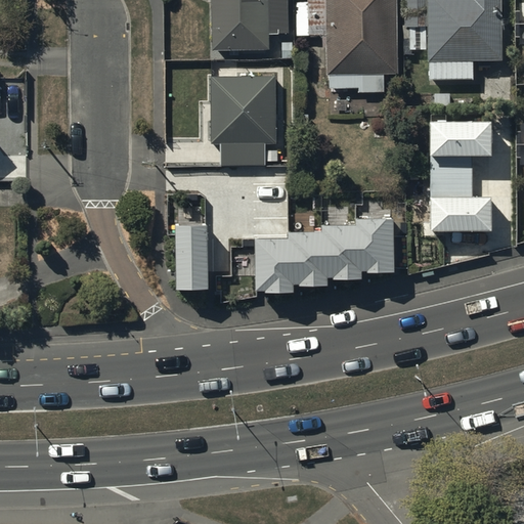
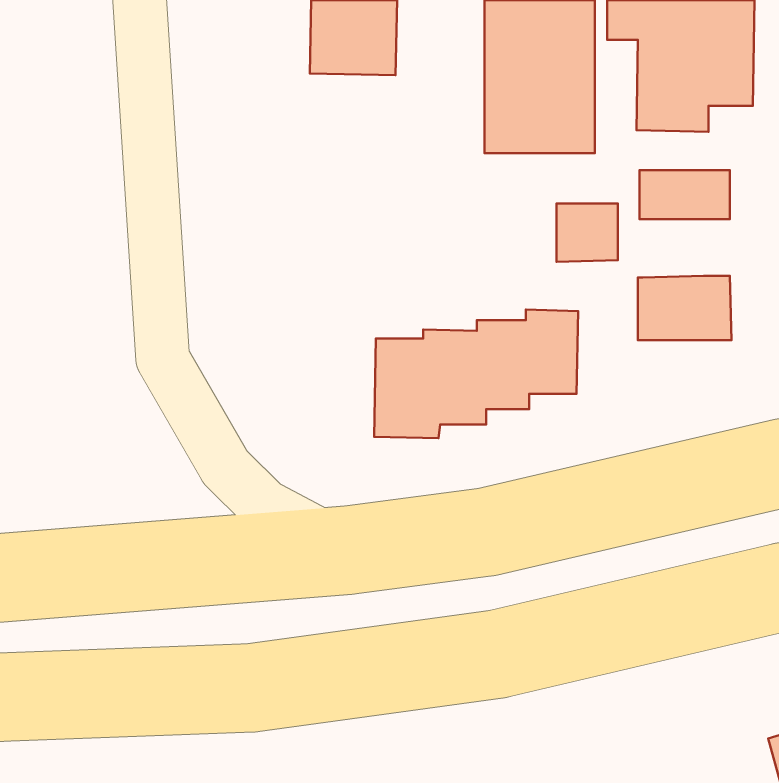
building: [212,73,289,168] -> none
building: [432,146,473,185] -> [556,203,618,262]
building: [174,211,208,286] -> none

